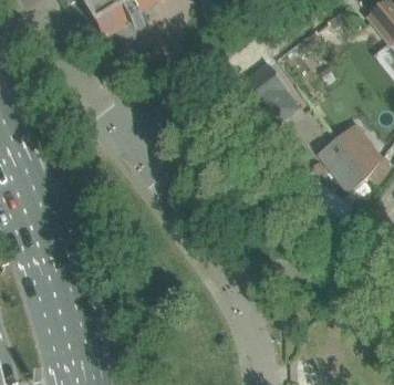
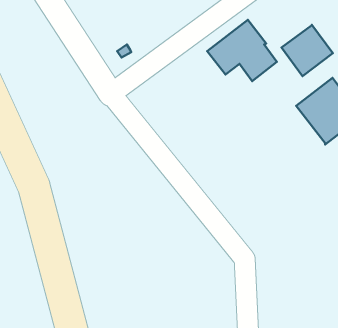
building: none -> [281,25,333,76]

